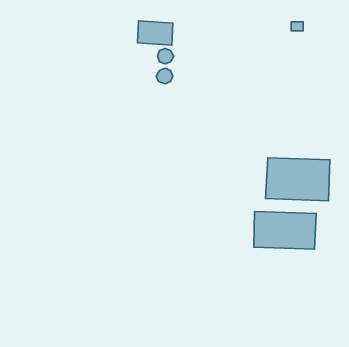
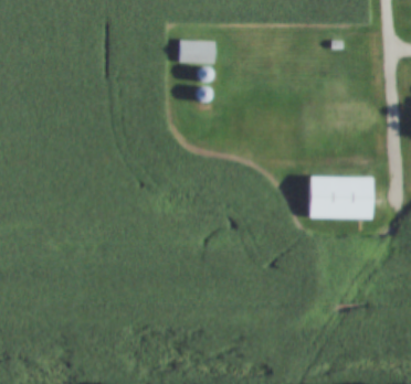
building: [254,211,316,249] -> none

